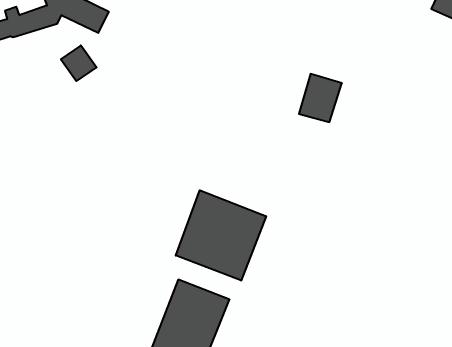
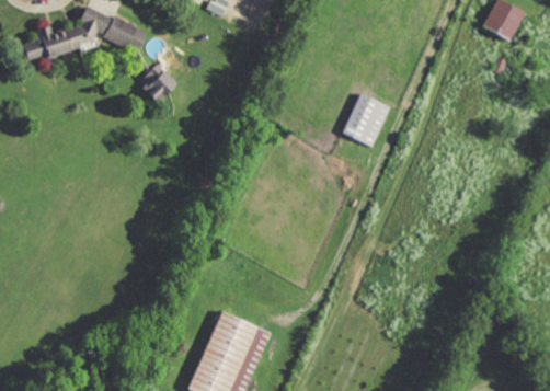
building: [61,45,97,81] -> [138,64,175,101]
building: [176,190,266,281] -> none

